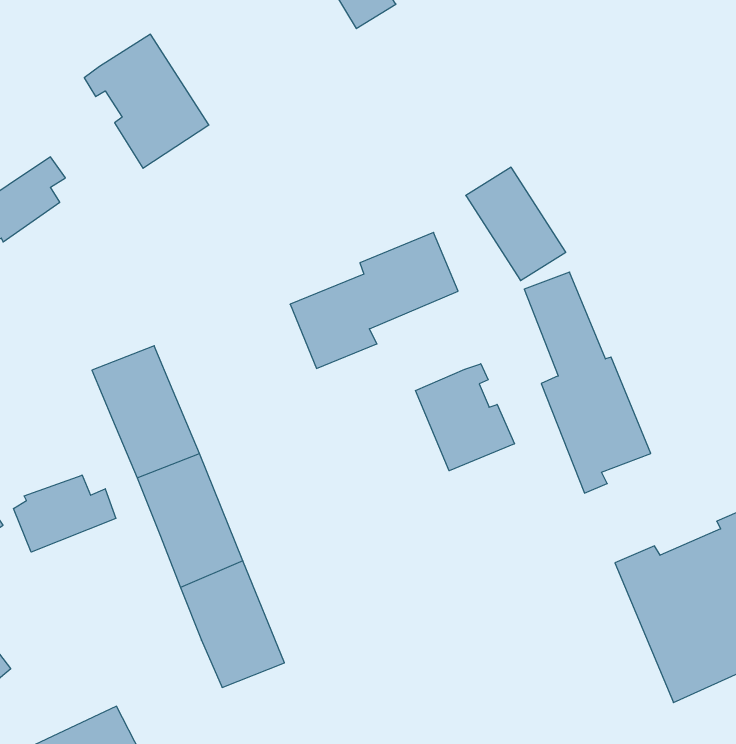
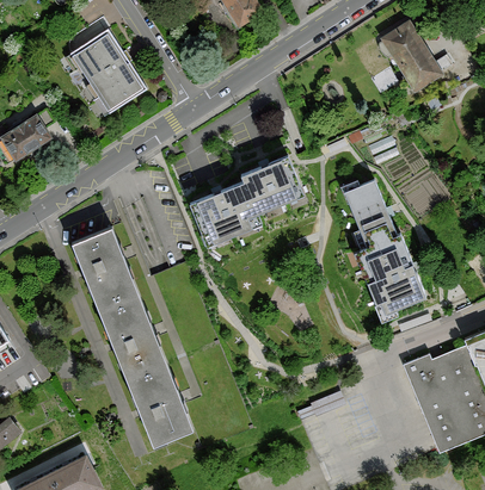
building: [466,167,566,281] -> [379,19,442,91]
building: [415,364,514,471] -> none
building: [14,475,116,552] -> none

